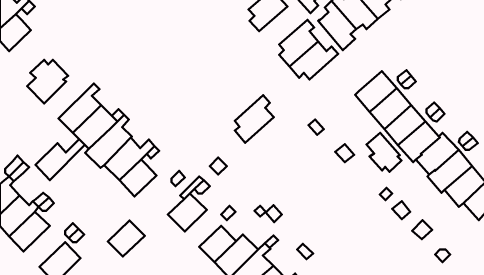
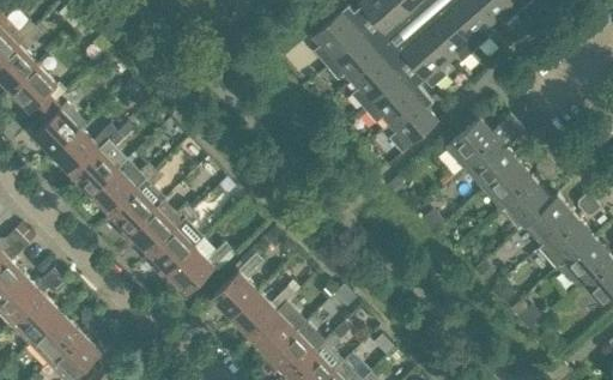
building: none -> [327,35,388,83]
building: none -> [12,65,66,119]
building: [235,95,274,143] -> [390,95,439,155]
building: [367,133,402,172] -> none
building: [35,139,85,180] -> [56,125,119,176]
building: none -> [233,291,279,338]
building: [108,221,145,257] -> [170,248,217,294]
building: none -> [30,312,83,363]

